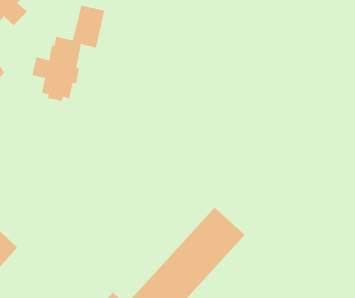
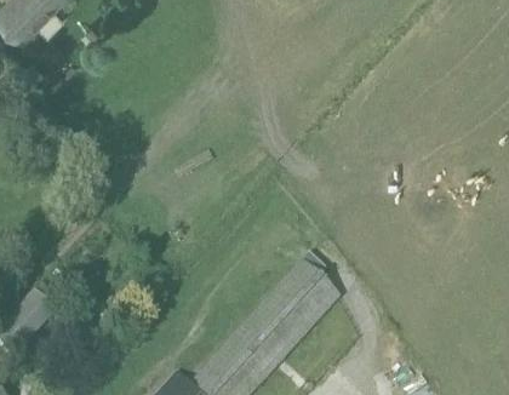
building: [32,5,105,102] -> none

